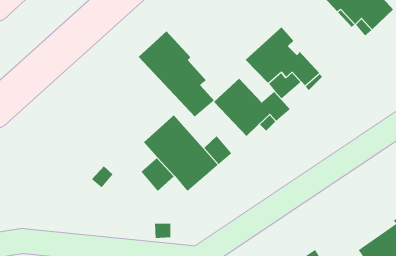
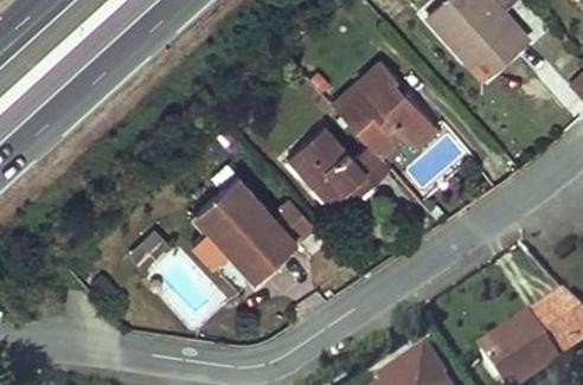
building: [138,31,215,118] -> none

